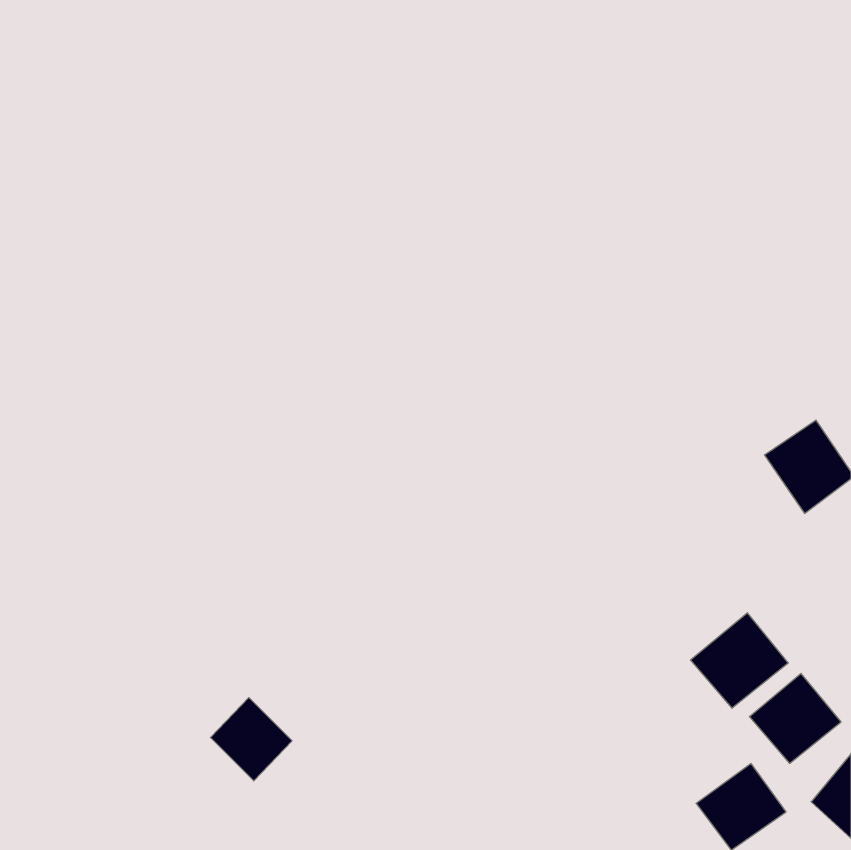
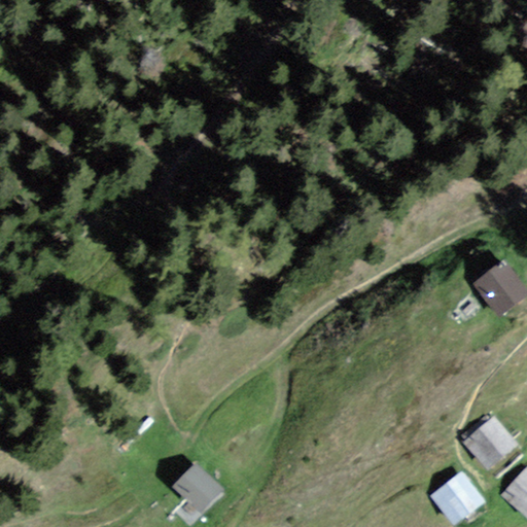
building: [691,613,788,708] -> none
building: [210,698,292,781] -> [174,461,224,513]

